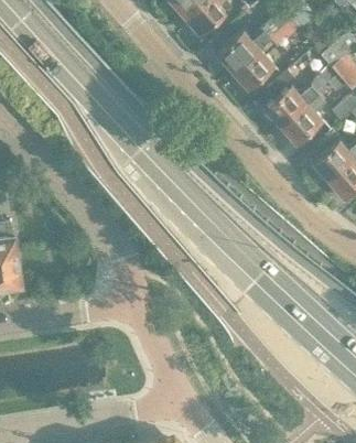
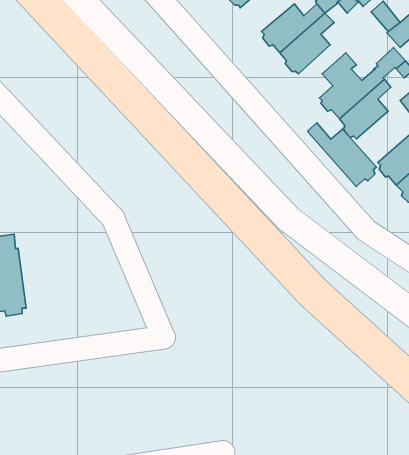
building: none -> [308,123,376,187]

